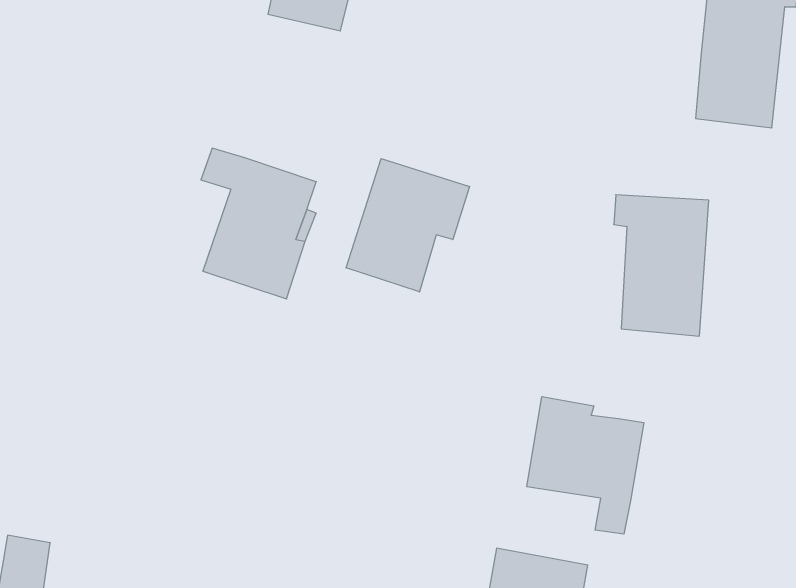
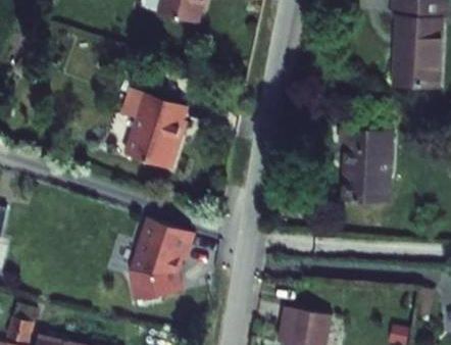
building: [346,159,470,292] -> none
building: none -> [126,220,191,306]
building: [527,397,644,534] -> none

